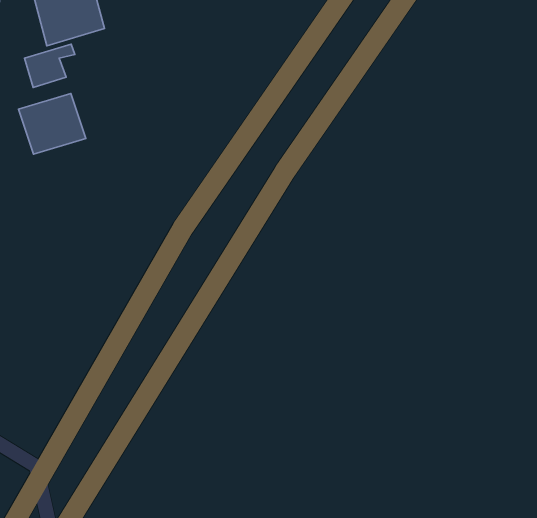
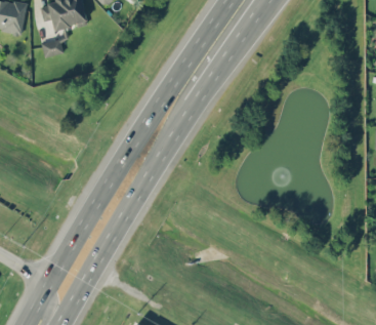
building: [19,94,86,154] -> none

